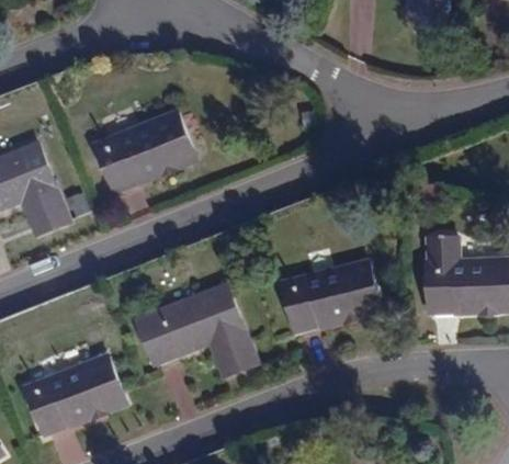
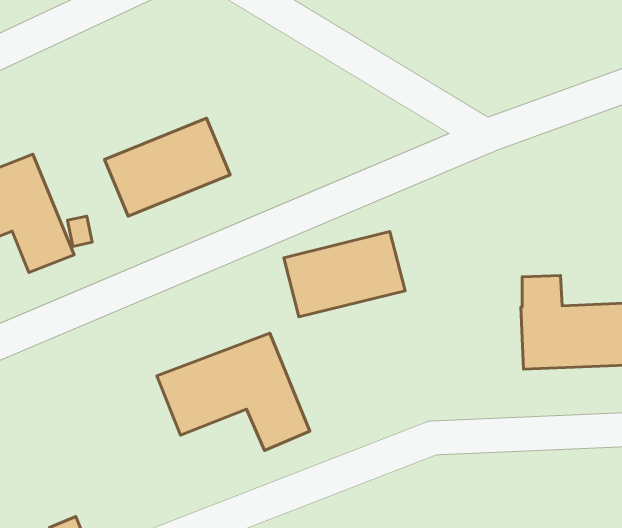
building: [282,262,378,330] -> [284,232,405,317]
building: [25,355,124,432] -> none

